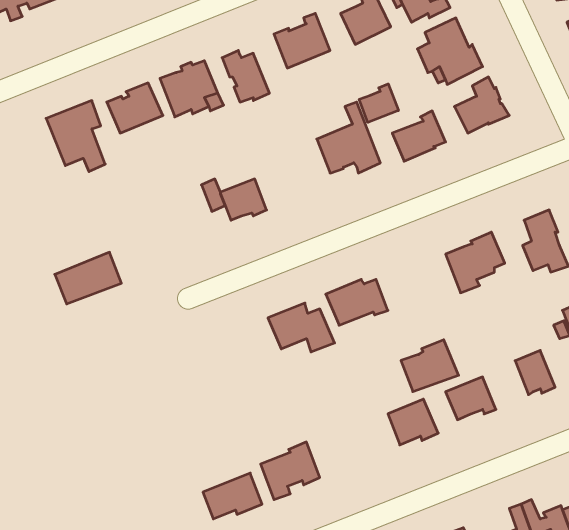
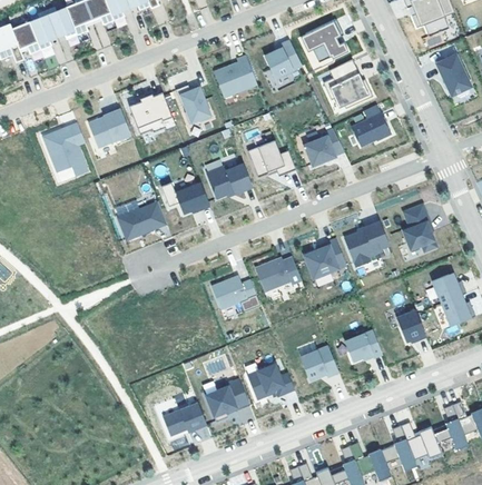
building: [359,84,398,122] -> none
building: none -> [206,155,252,198]
building: [55,252,121,304] -> [117,200,167,239]
building: [401,340,459,392] -> [303,239,346,278]
building: none -> [247,367,295,404]

